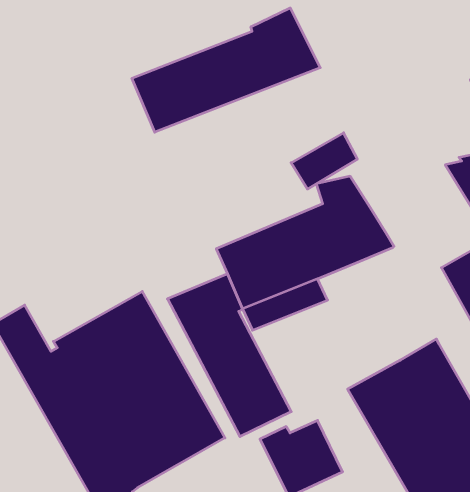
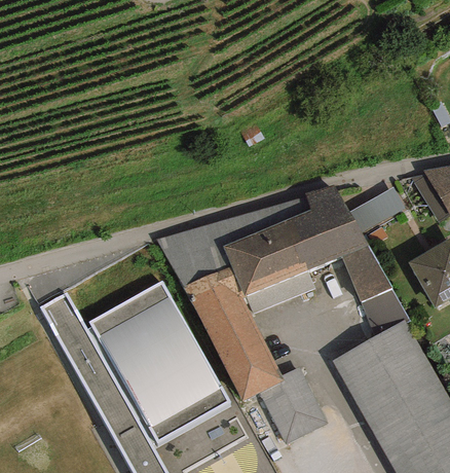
building: [132,8,320,132] -> none
building: [291,133,357,189] -> [349,187,404,233]
building: none -> [341,245,410,337]

